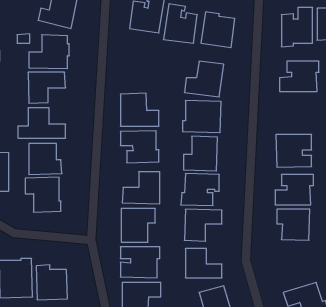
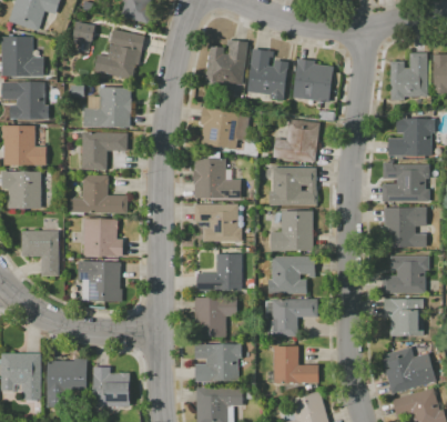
building: none -> [201,108,240,148]
building: none -> [382,162,429,202]
building: none -> [379,348,436,394]

